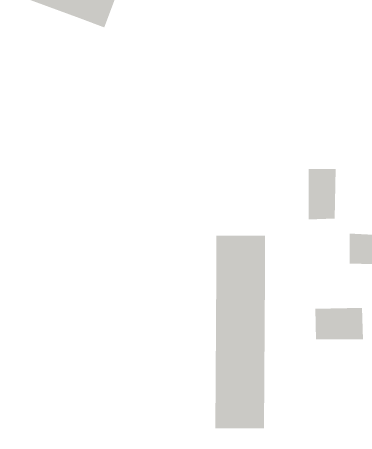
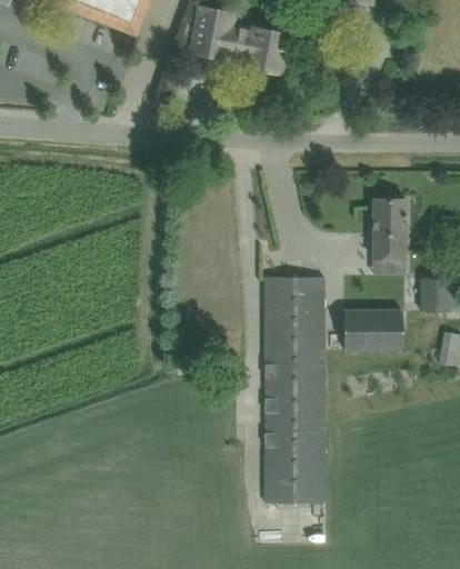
building: none -> [192,7,286,72]
building: [314,307,364,340] -> [343,310,401,348]

